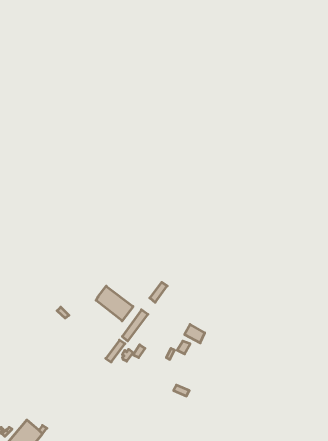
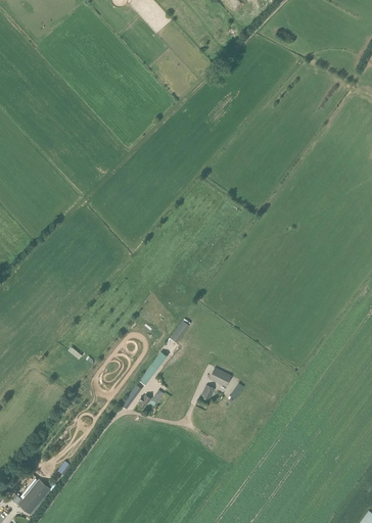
building: [96,286,133,321] -> none

